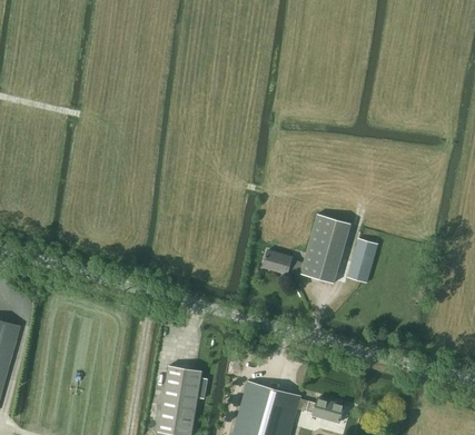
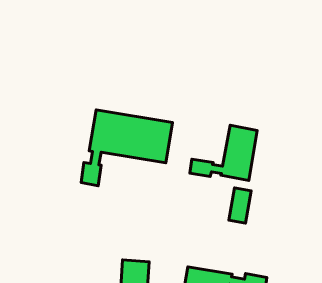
building: none -> [81,110,173,186]
building: [347,238,378,283] -> [229,188,251,223]

